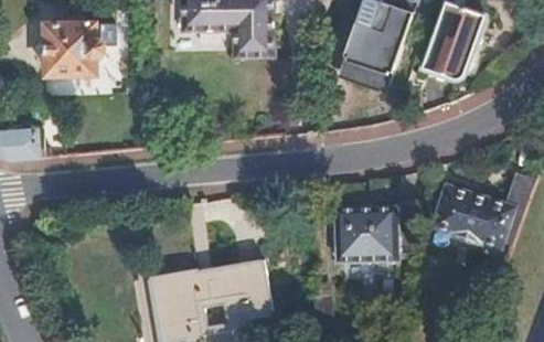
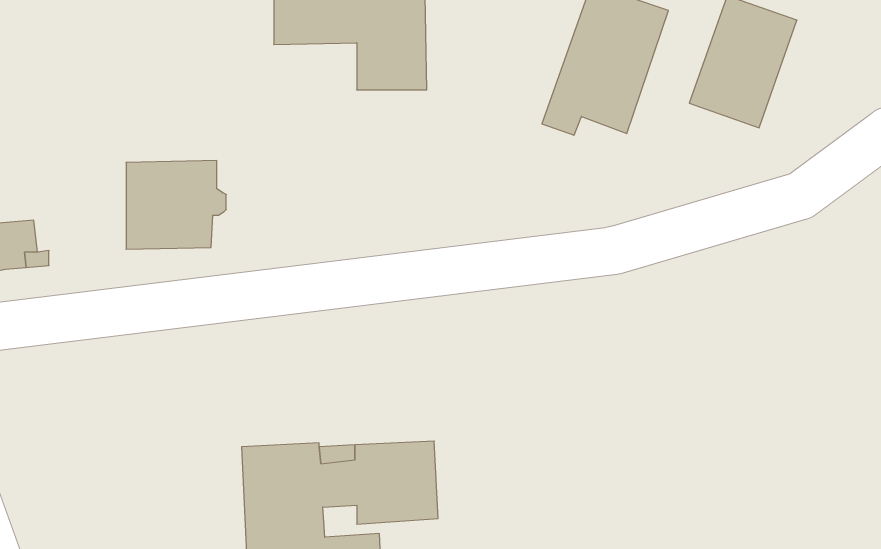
building: [44,25,103,77] -> [126,161,226,249]
building: [428,180,530,256] -> none
building: [335,206,397,258] -> none

